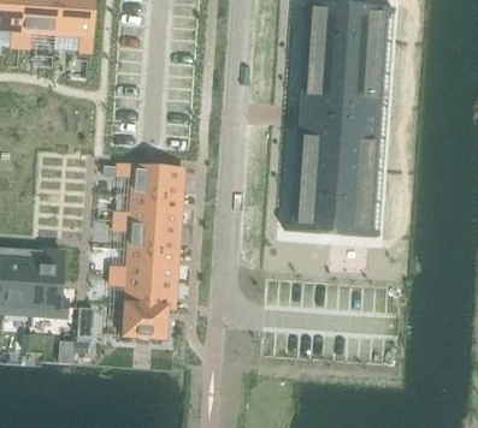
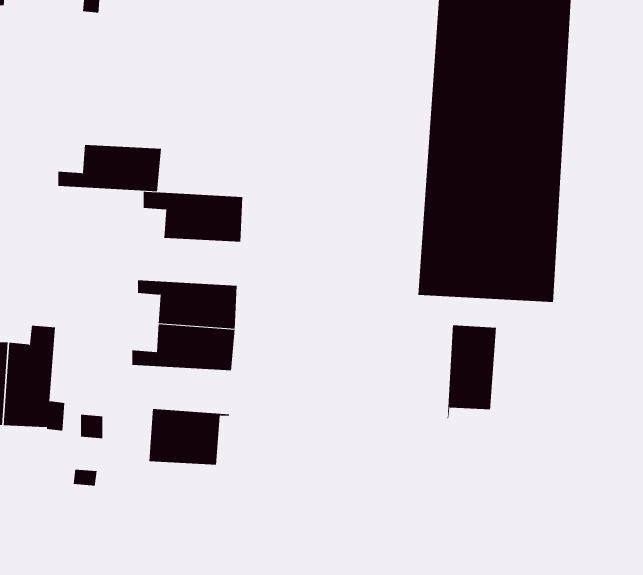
building: [114,194,181,224] -> [58,145,162,192]
building: none -> [447,325,496,419]
building: [110,274,175,305] -> none

